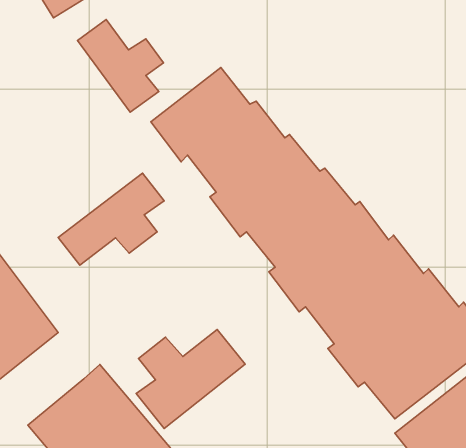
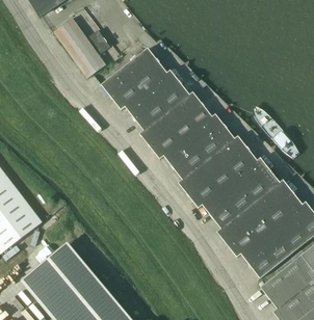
building: [58,173,164,265] -> none
building: [136,329,245,428] -> none

